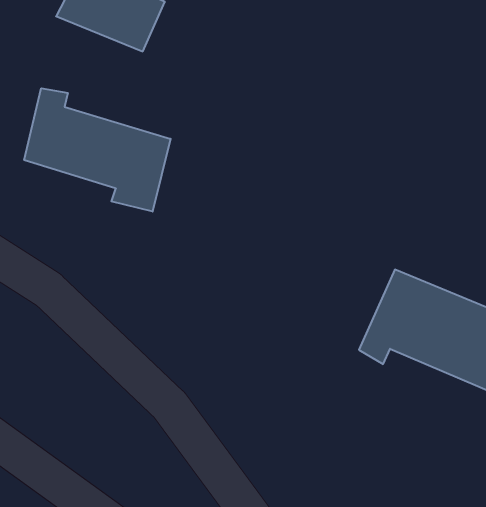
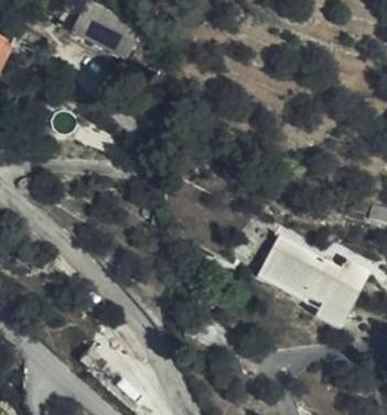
building: [24,88,171,212] -> none

